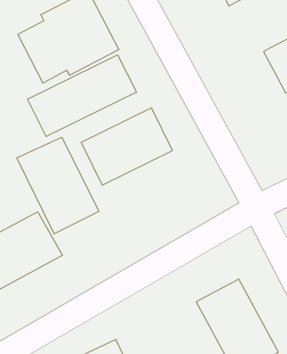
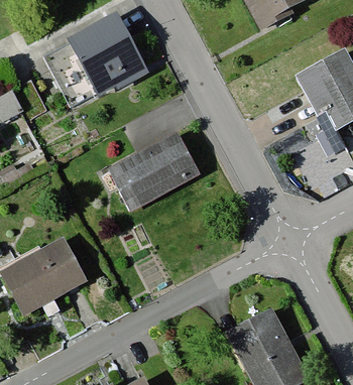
building: [28,55,136,137] -> none
building: [17,137,99,234] -> none

